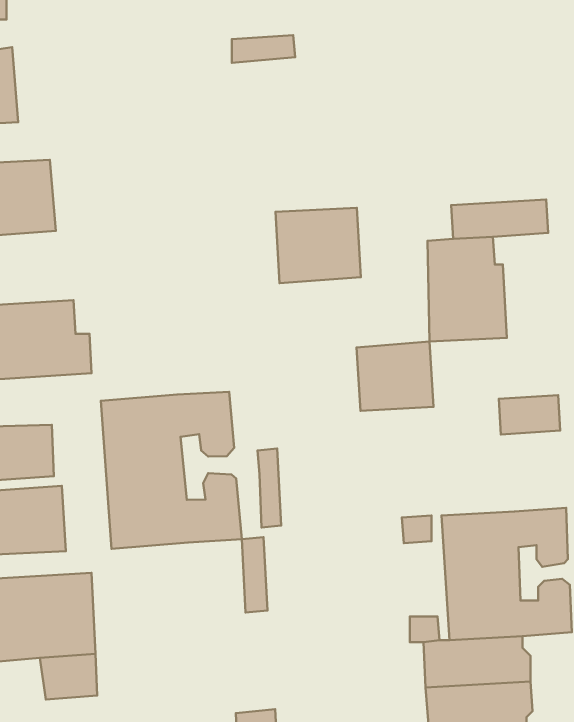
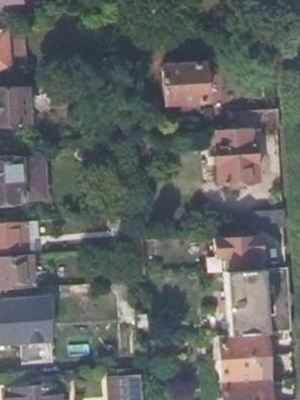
building: [276,208,361,283] -> [167,64,210,103]
building: [356,342,434,411] -> [223,235,263,270]
building: [101,392,242,549] -> none

